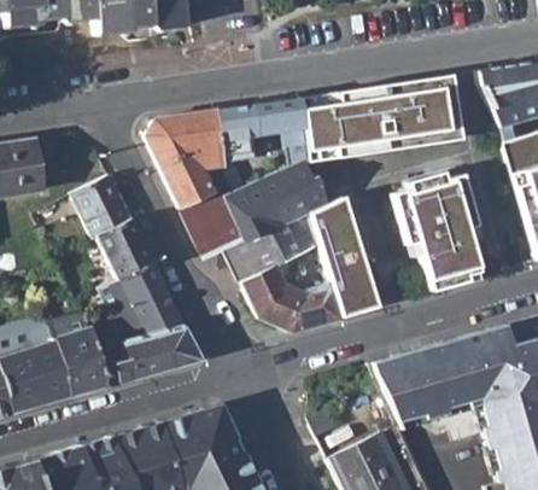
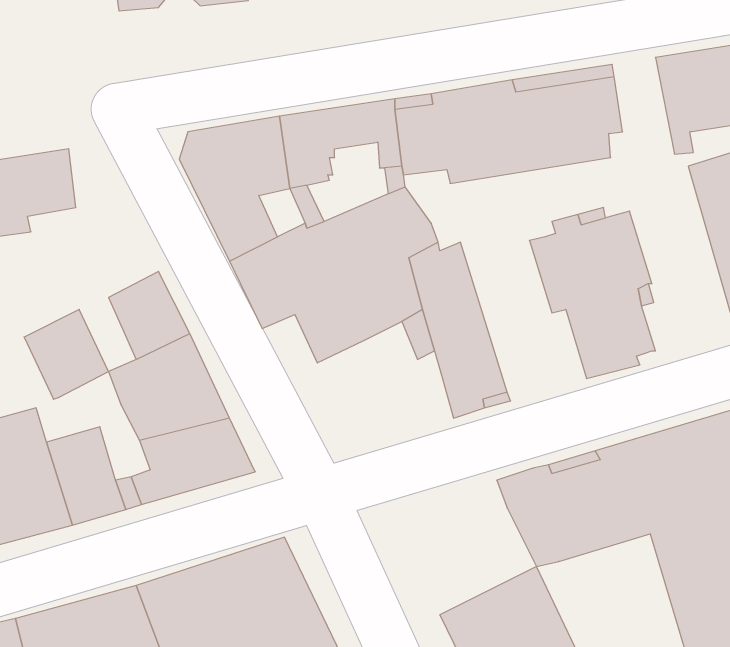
building: [74,175,133,238] -> [24,309,109,399]
building: [244,267,339,333] -> none

